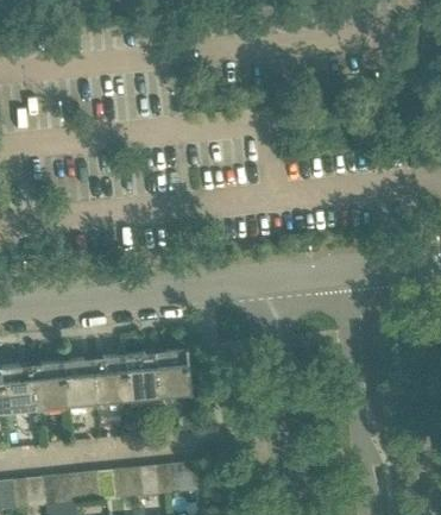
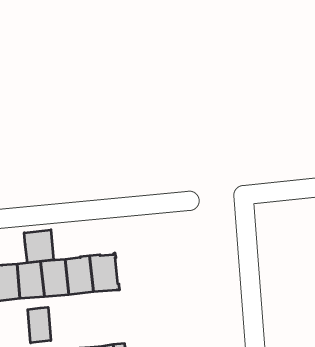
building: none -> [24,230,54,263]
building: none -> [28,307,51,343]

